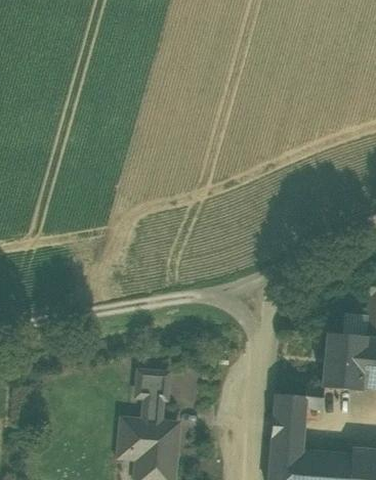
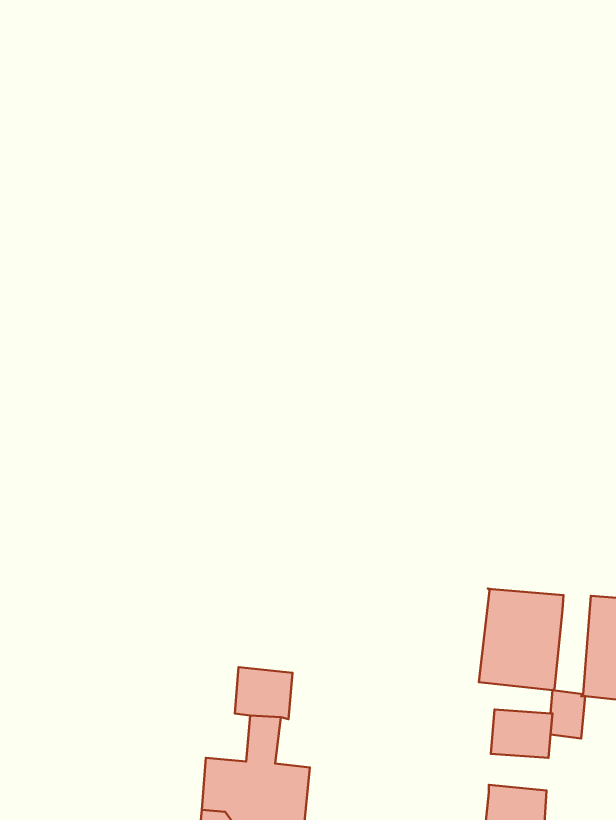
building: none -> [479,588,564,690]
building: [273,419,304,438] -> none

